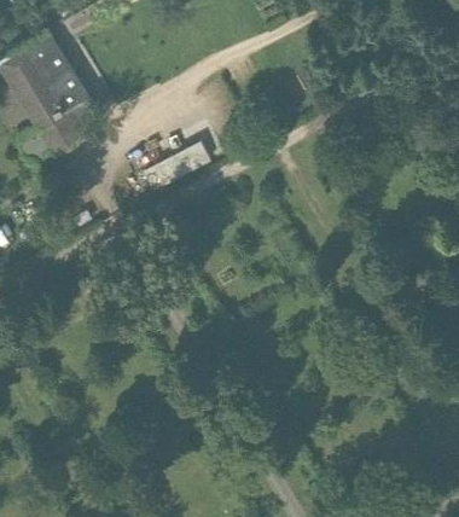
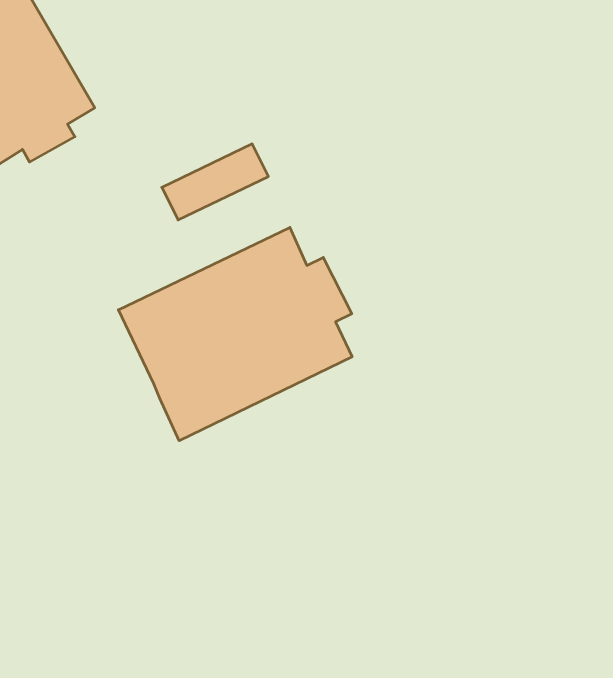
building: none -> [118,227,352,441]

